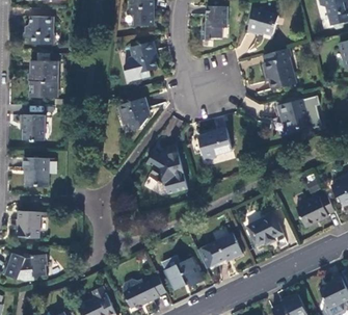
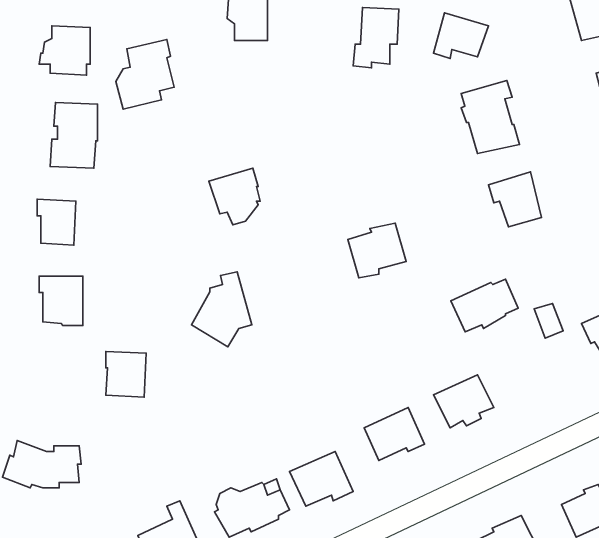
building: [124,41,157,80] -> [116,40,174,109]
building: [150,146,184,188] -> [191,272,252,347]
building: [296,194,334,225] -> [451,279,518,332]
building: [18,211,41,237] -> [106,351,146,397]

